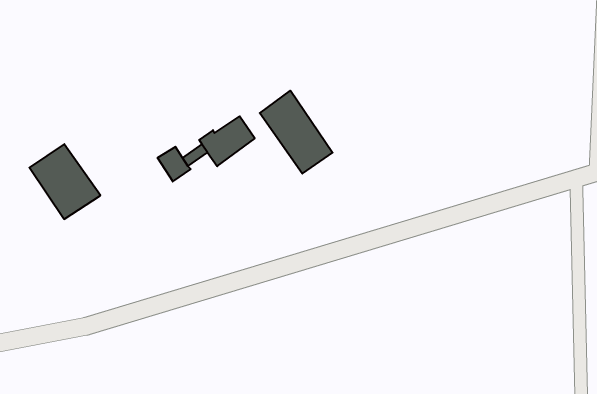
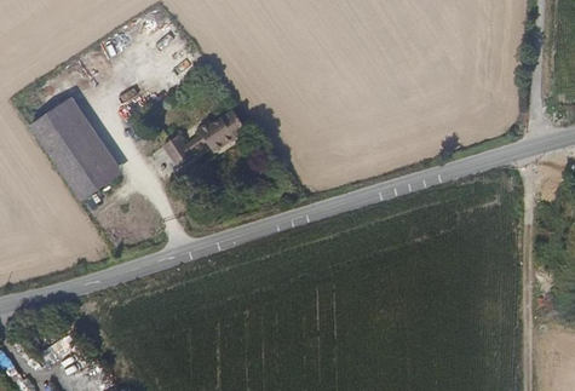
building: [260,91,333,174] -> none
building: none -> [31,104,82,154]

